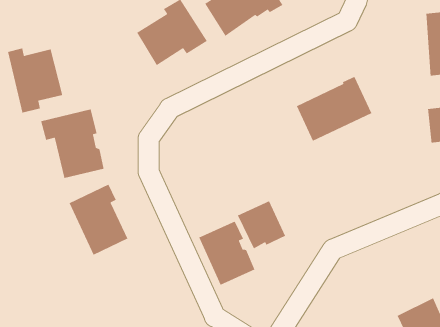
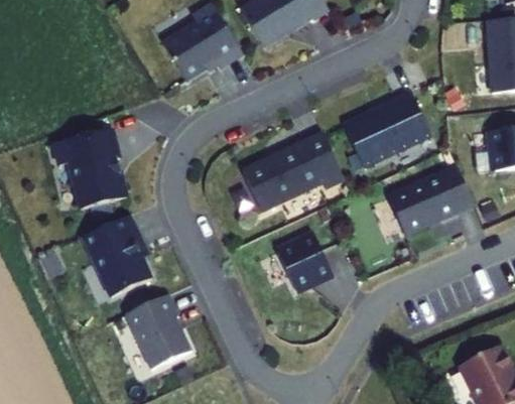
building: [7,47,63,113] -> none
building: none -> [242,132,345,212]
building: none -> [388,166,474,234]
building: [198,221,256,286] -> [125,295,190,370]

